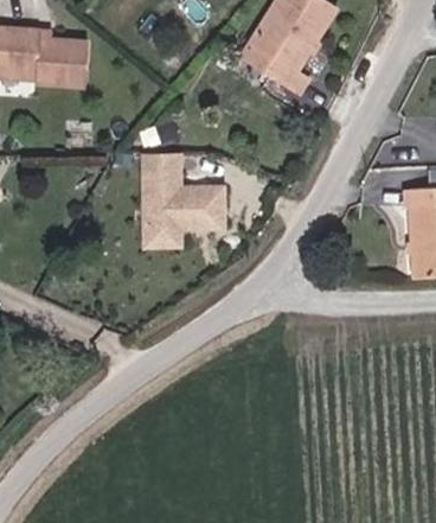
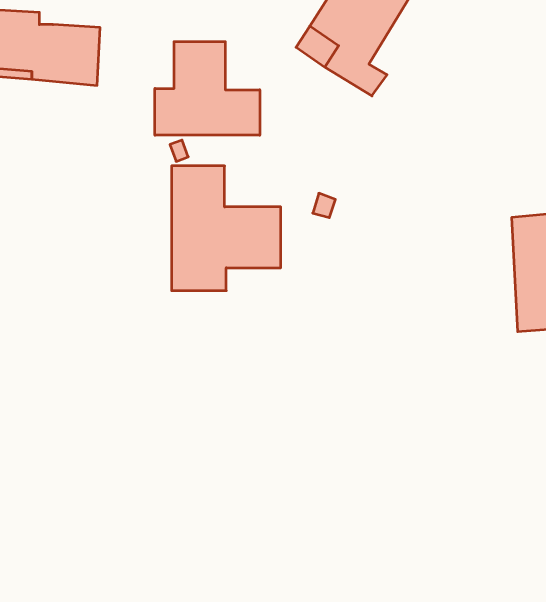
building: none -> [155,42,260,135]

